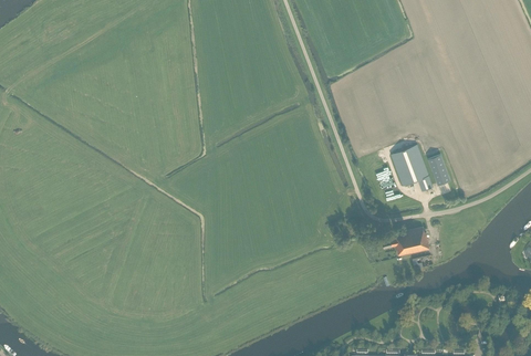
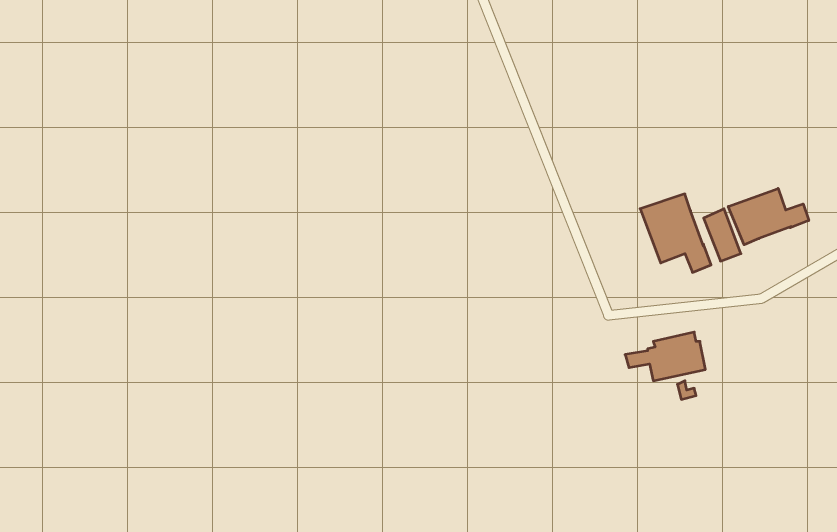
building: none -> [728,188,809,245]

